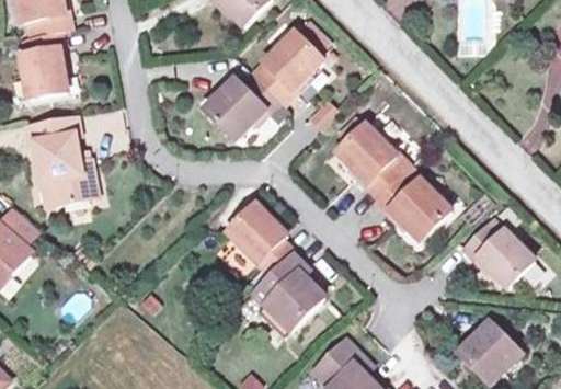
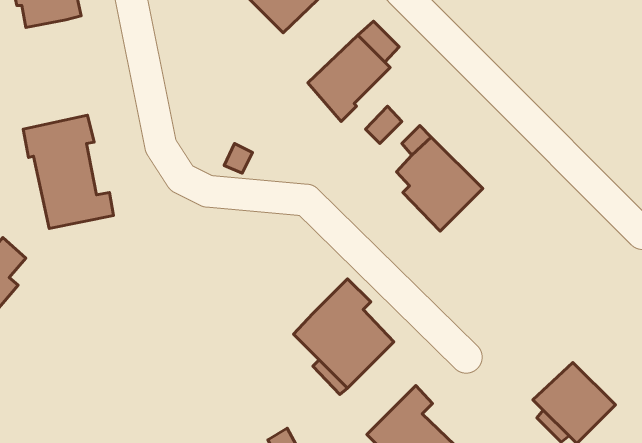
building: [16,24,70,94] -> none
building: [209,76,291,139] -> none
building: [376,168,455,247] -> none
building: [231,203,297,274] -> none
building: [458,214,539,284] -> none

